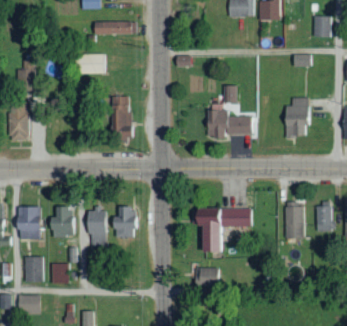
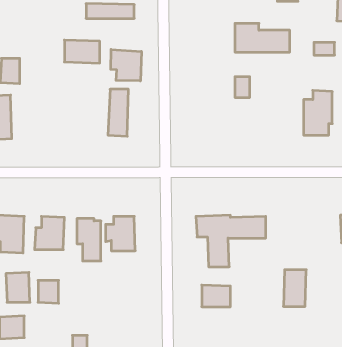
building: none -> [111,49,141,81]
building: [206,110,254,135] -> [235,23,290,52]
building: [285,206,305,238] -> [283,270,306,306]

